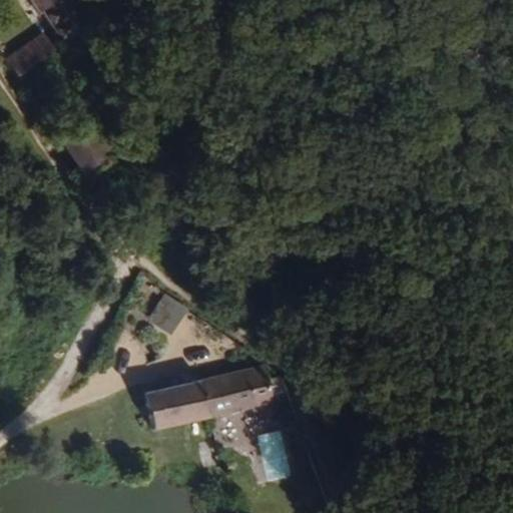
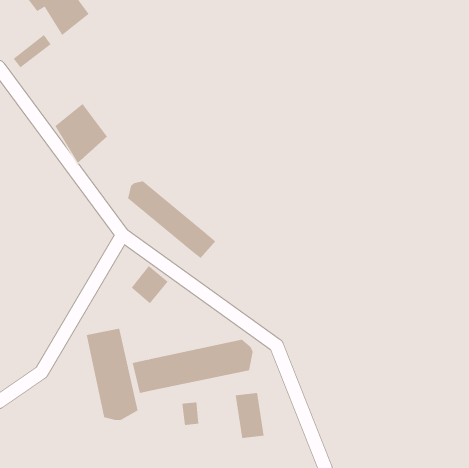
building: none -> [127,180,216,259]
building: none -> [86,328,138,421]

